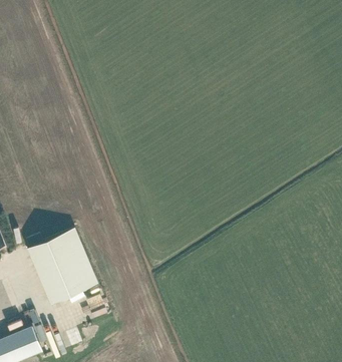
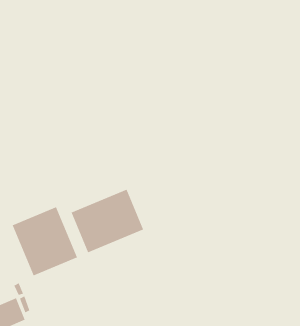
building: none -> [71,189,144,253]

